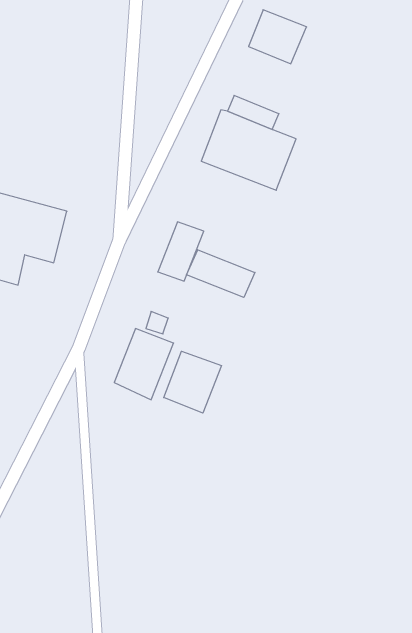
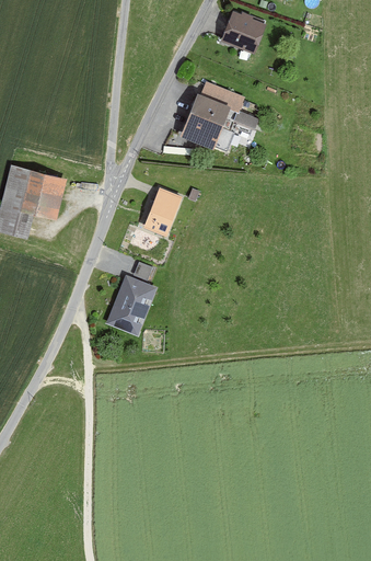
building: [187,250,255,297] -> none
building: [164,351,221,413] -> none

